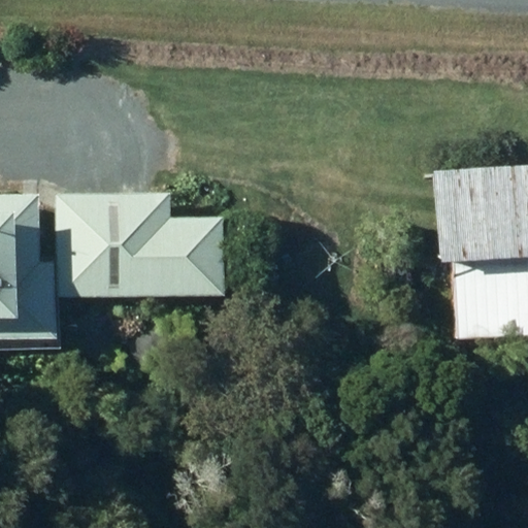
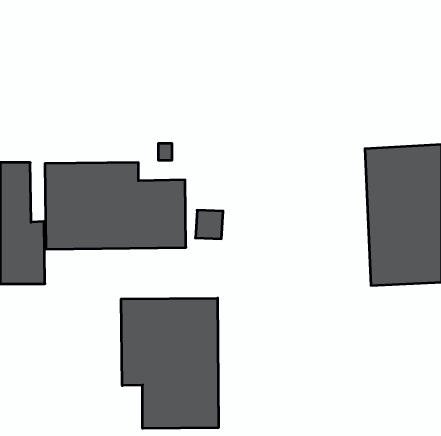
building: none -> [121,298,218,428]

